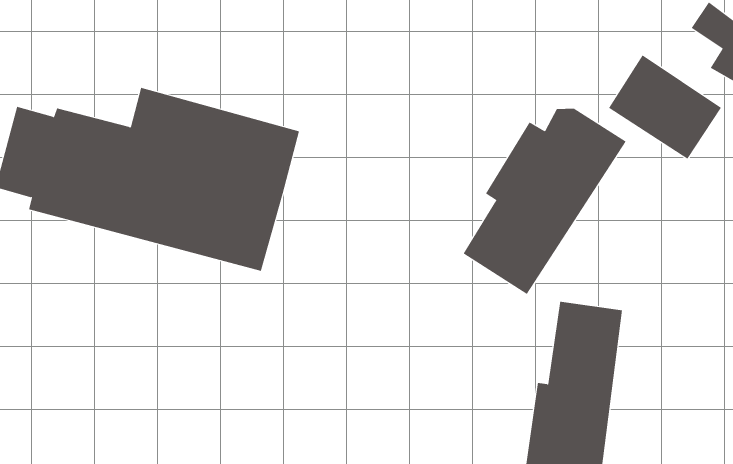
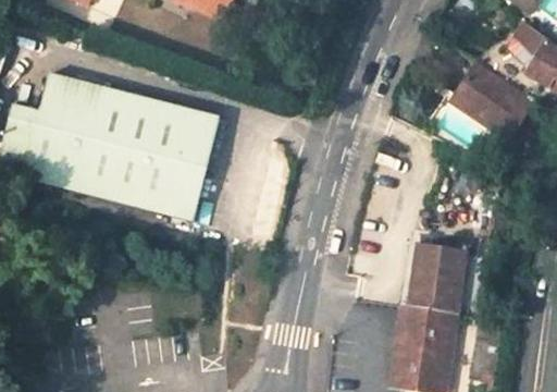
building: none -> [44,72,106,115]
building: [463,108,626,295] -> none

